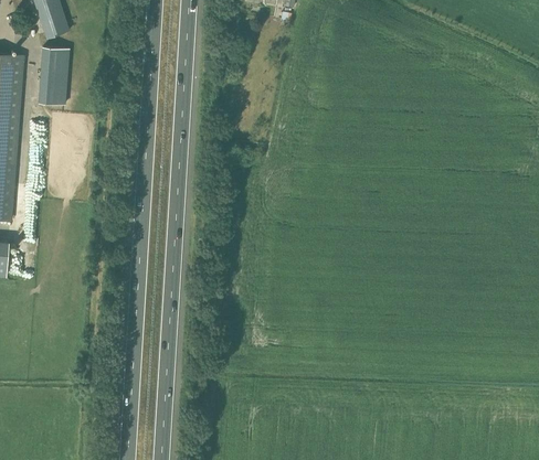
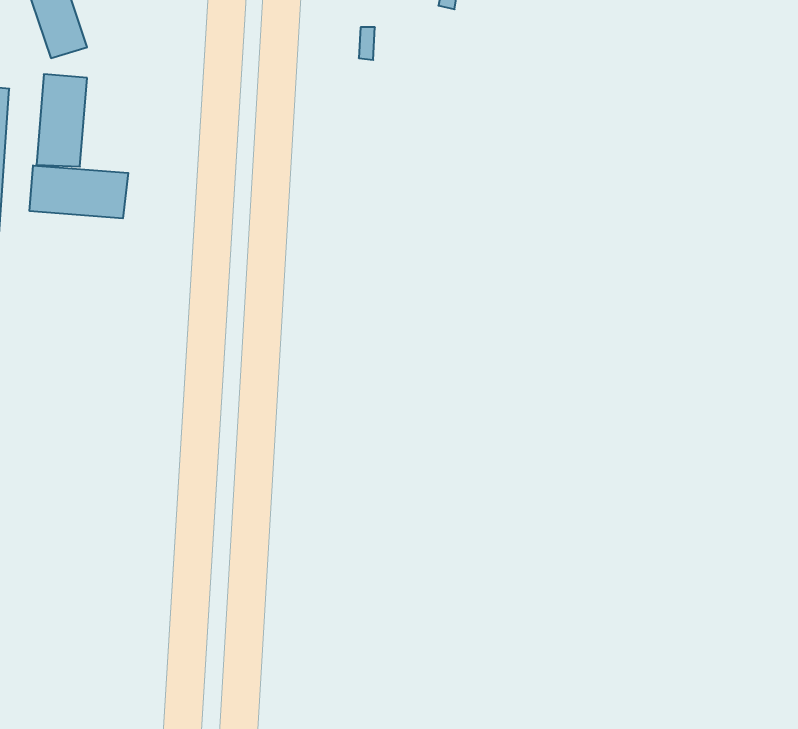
building: none -> [30,165,128,218]

